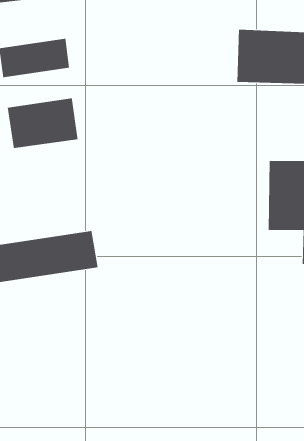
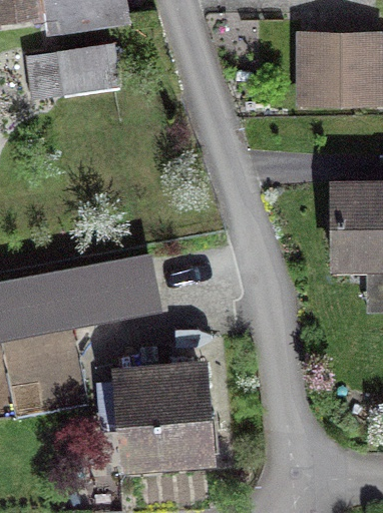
building: [7,97,78,149] -> none
building: none -> [122,367,215,454]

